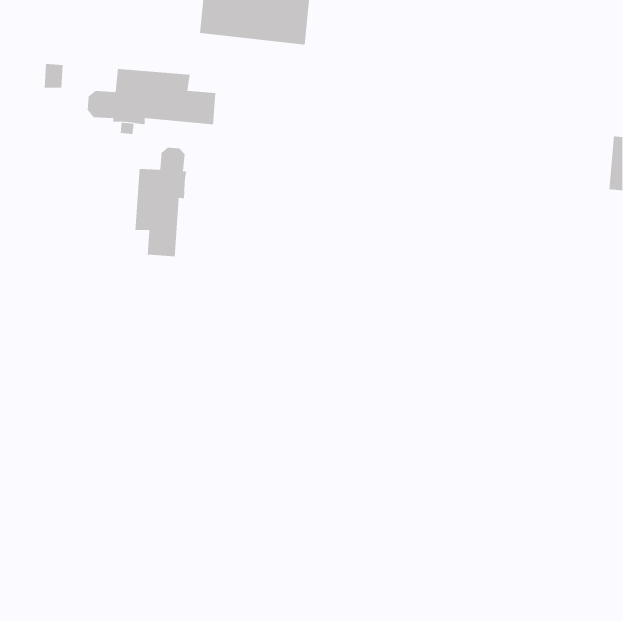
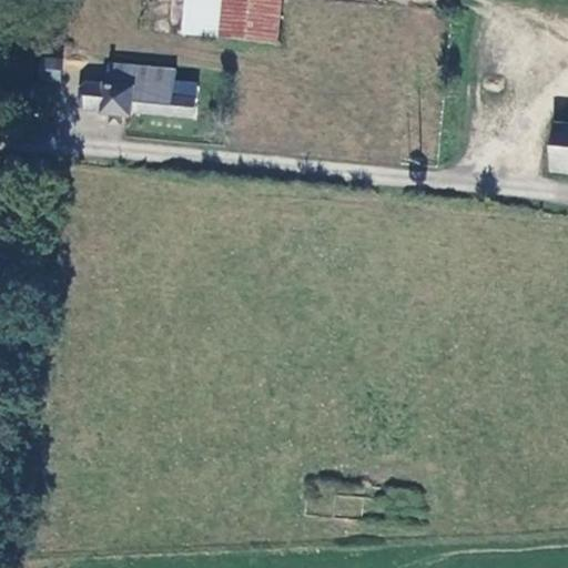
building: [135,147,187,257] -> none

